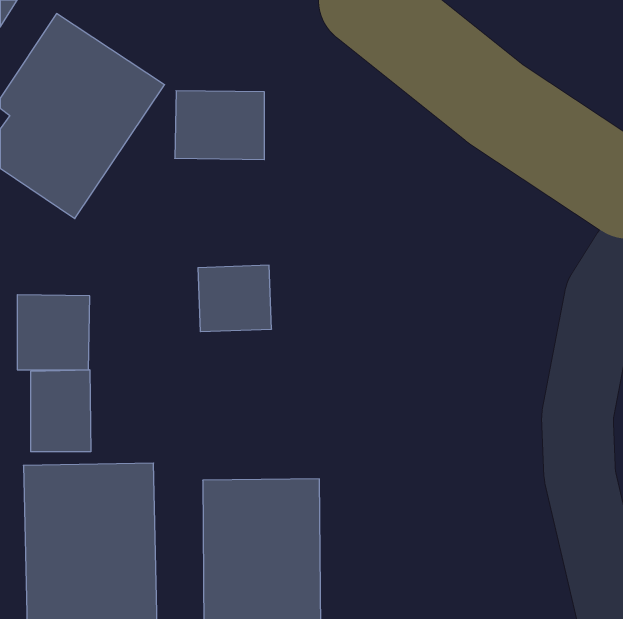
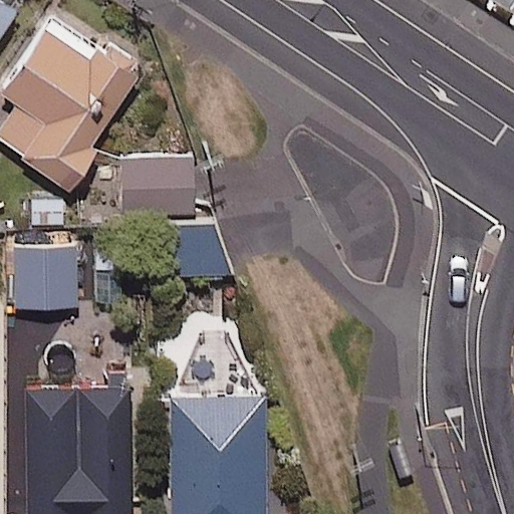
building: [175,91,264,160] -> [121,161,195,217]
building: [31,370,91,452] -> none

